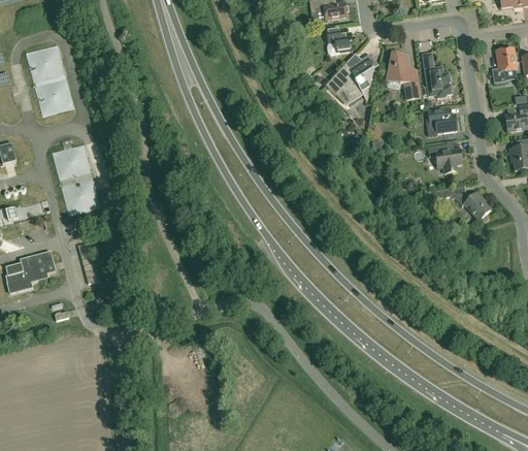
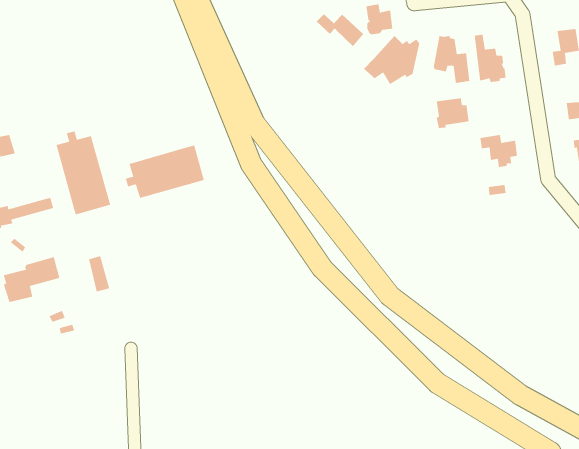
building: none -> [316,14,364,47]
building: [26,44,73,115] -> none
building: [426,108,456,136] -> [436,97,470,129]
building: none -> [125,145,205,199]
building: [454,191,490,220] -> none

